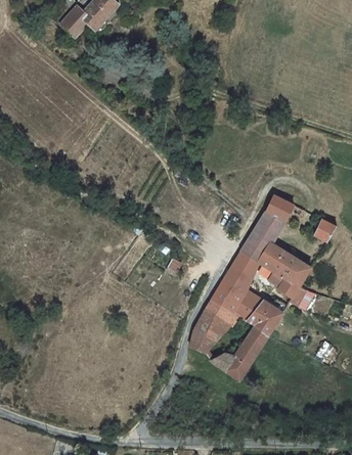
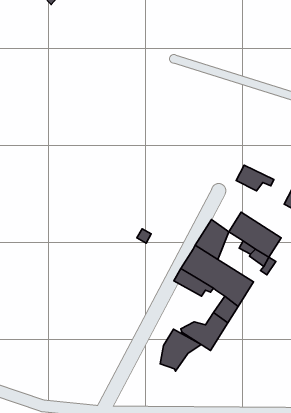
building: [239,212,284,263] -> none
building: [188,312,229,354] -> [160,329,201,371]

